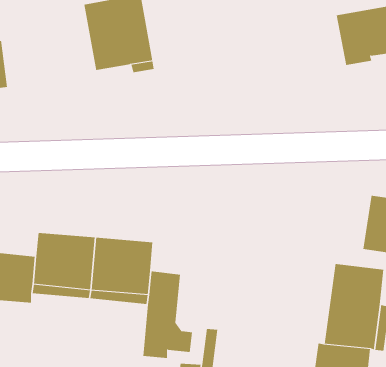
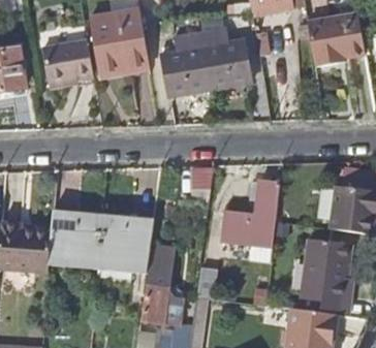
building: none -> [163,30,252,94]
building: none -> [42,40,94,90]
building: none -> [220,182,277,246]

